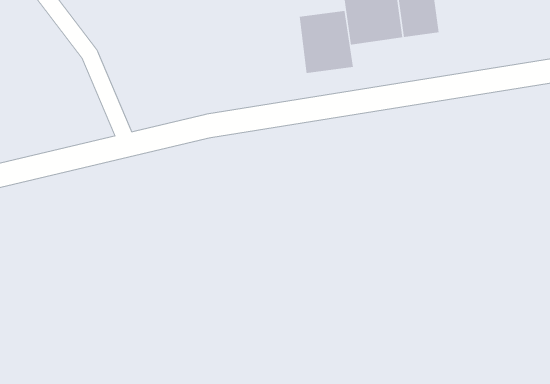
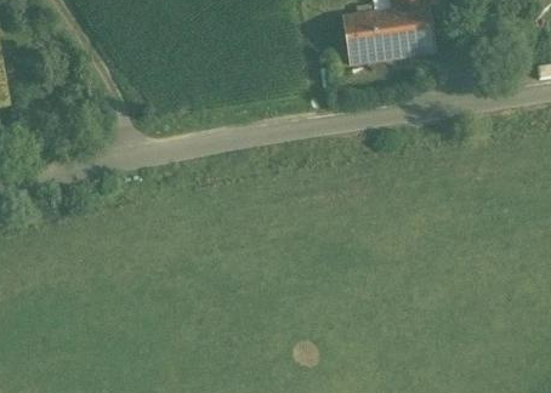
building: [299,10,353,74] -> none

